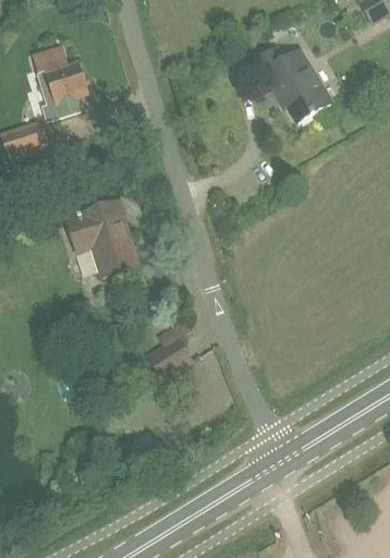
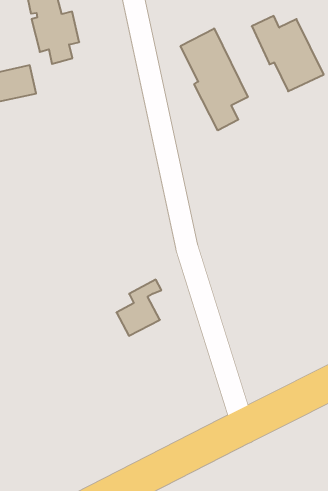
building: none -> [181,28,248,130]
building: [66,199,137,275] -> none

